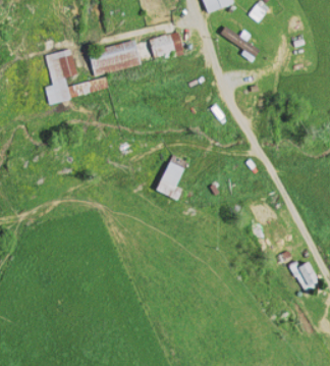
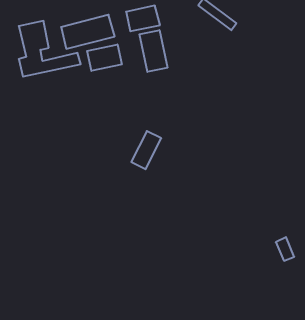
building: none -> [139,30,167,72]
building: none -> [87,44,122,71]

